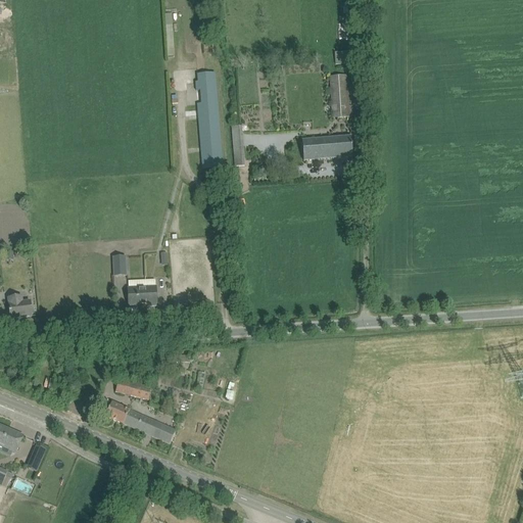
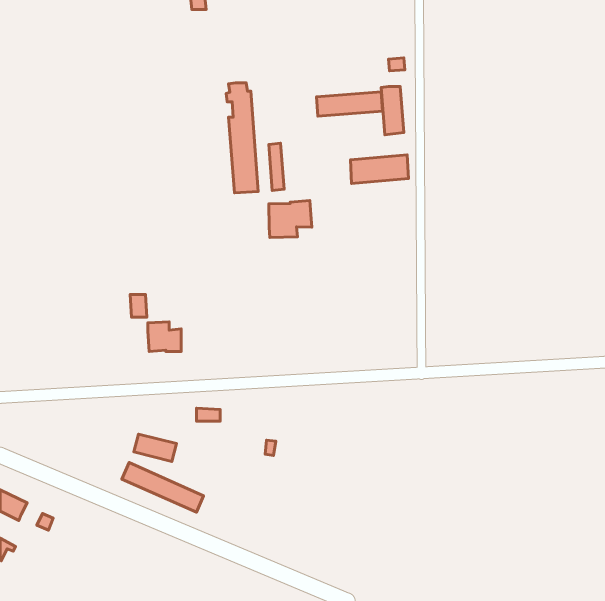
building: none -> [317,92,383,116]
building: none -> [269,201,312,237]
building: [9,294,32,316] -> none

